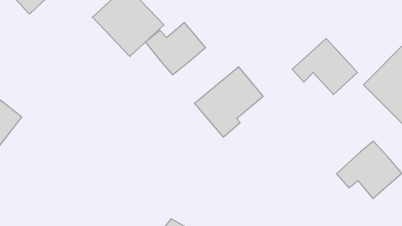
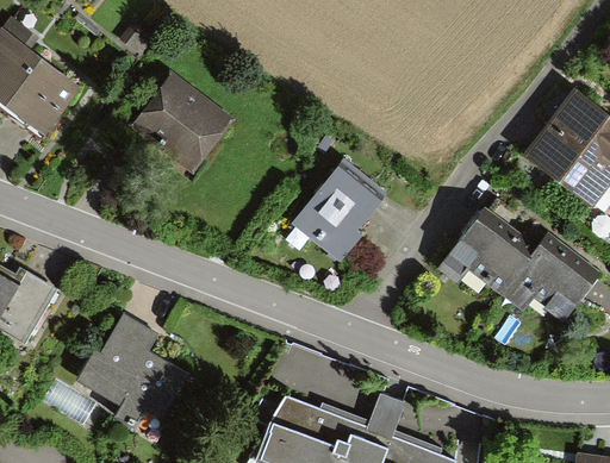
building: [145,22,205,75] -> none
building: [292,39,358,95] -> [443,215,535,292]
building: none -> [73,309,188,418]

